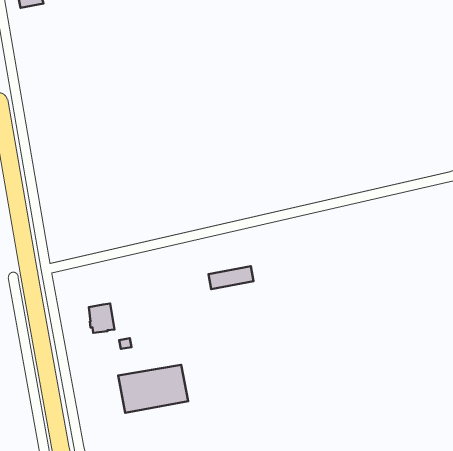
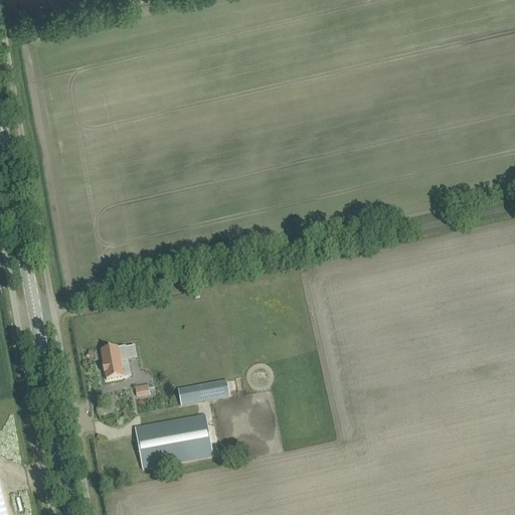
building: [208,266,254,289] -> [177,378,228,404]

